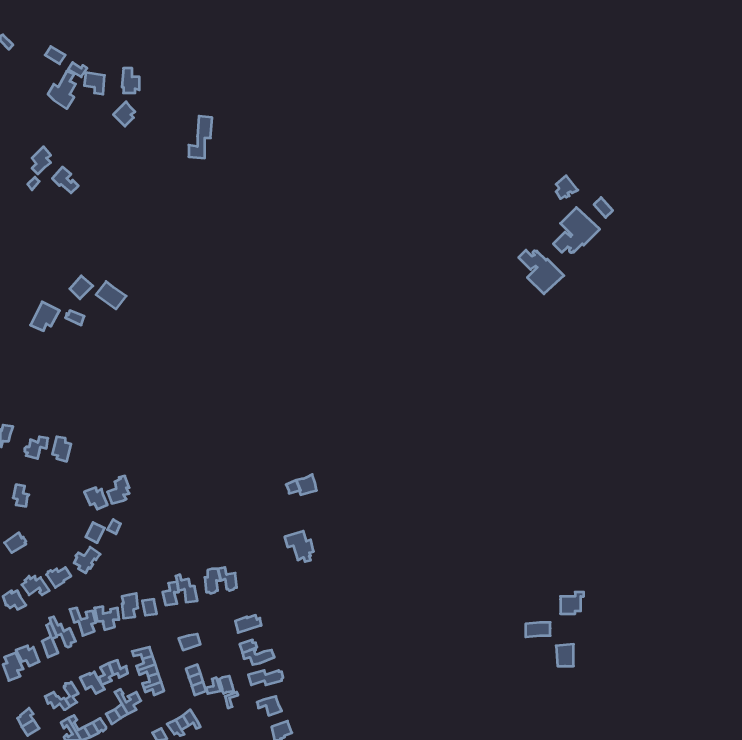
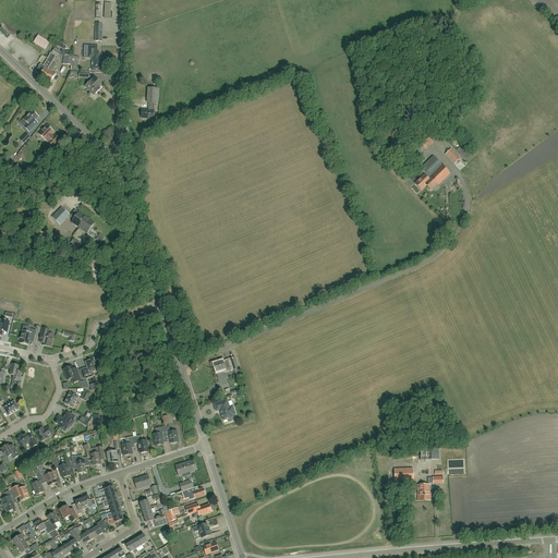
building: [519,250,564,294] -> none

